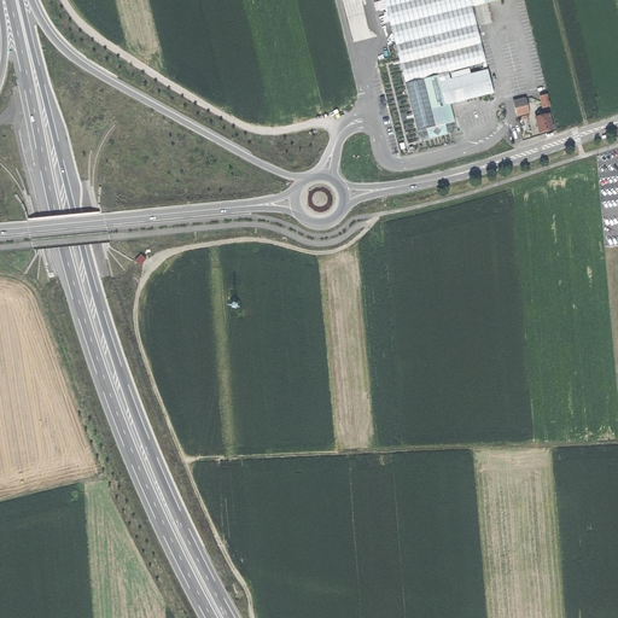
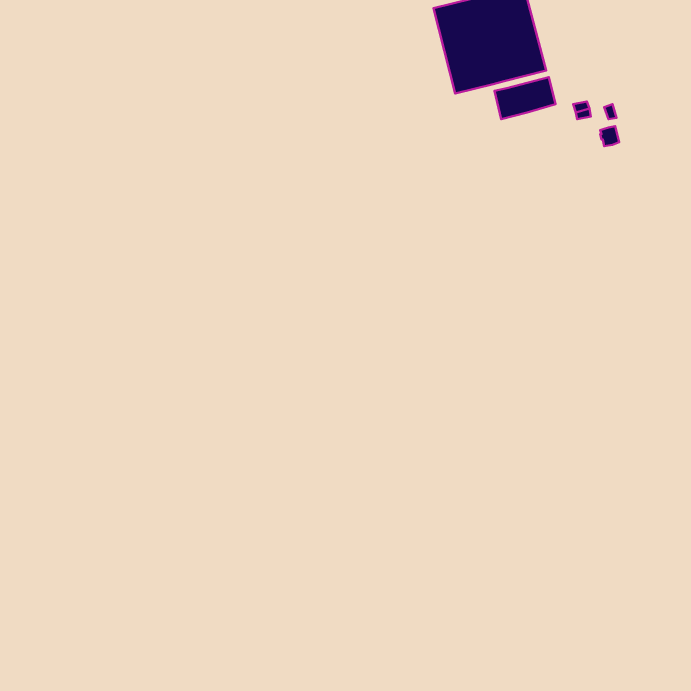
building: [406,75,450,130] -> none

